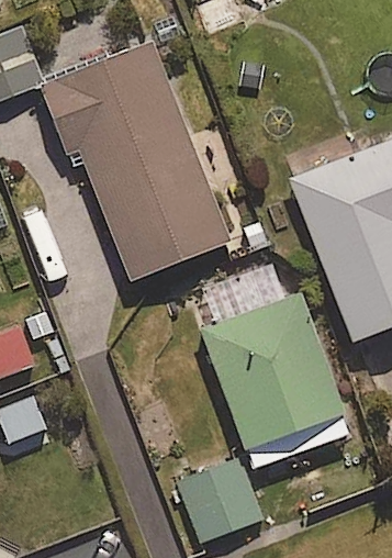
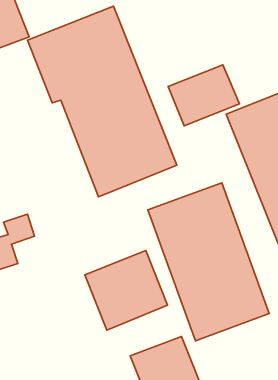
building: none -> [168,65,239,126]
building: none -> [85,251,167,330]

